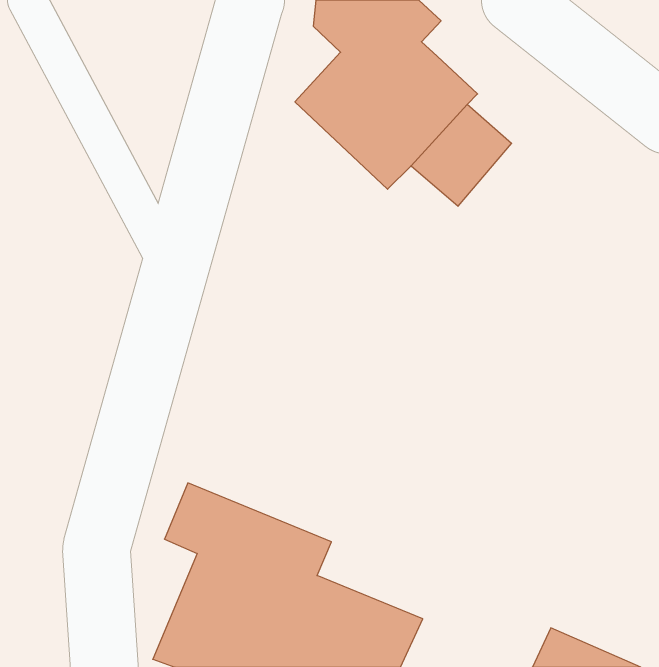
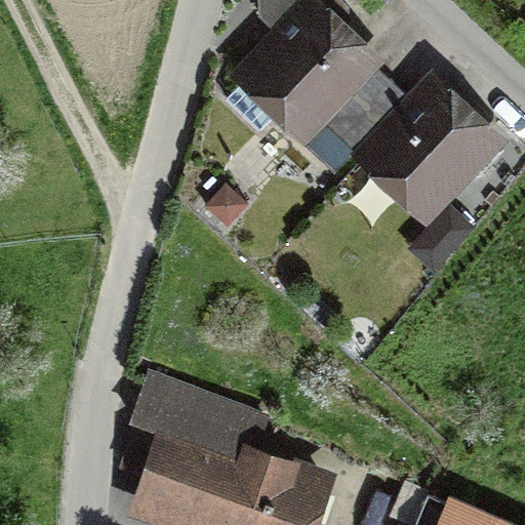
building: none -> [366,90,490,214]

